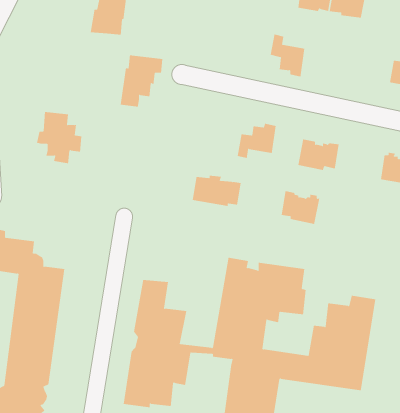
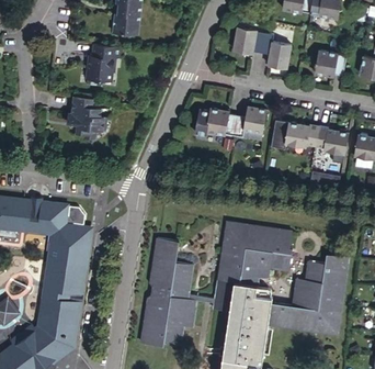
building: none -> [234,27,264,51]
building: [120,55,163,107] -> [84,43,121,87]
building: none -> [314,51,345,76]
building: [192,175,242,207] -> [195,110,237,136]
building: [281,190,320,224] -> [316,125,349,154]

